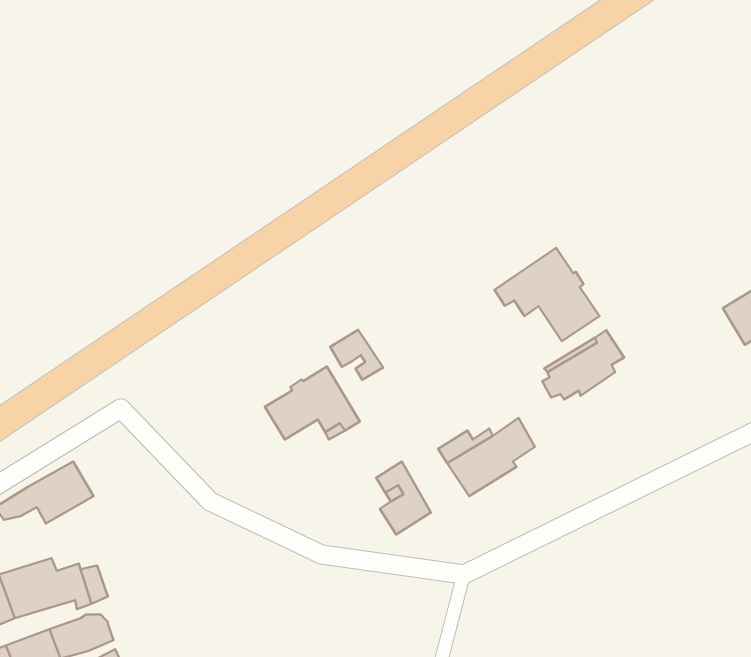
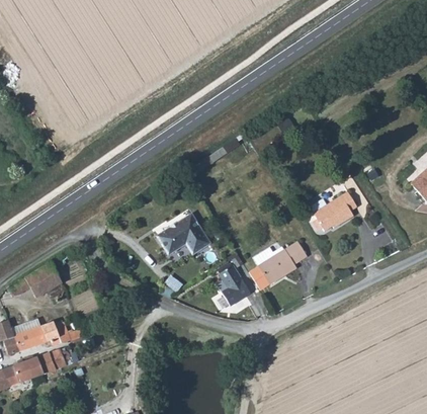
building: [494,248,599,341] -> none
building: [330,330,383,380] -> none

